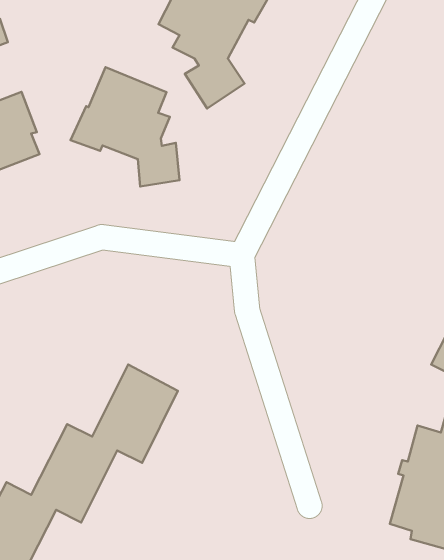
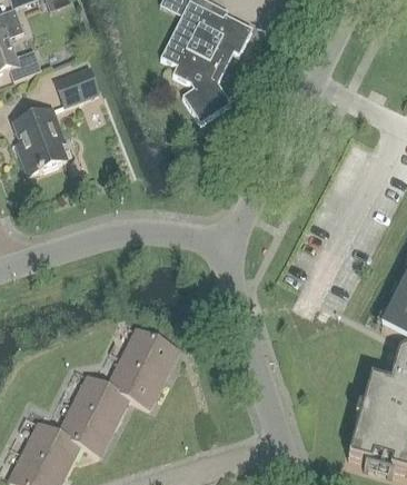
building: none -> [53,67,97,105]
building: [70,67,179,186] -> none

